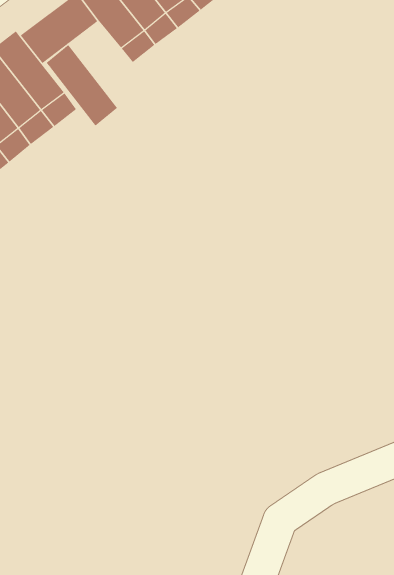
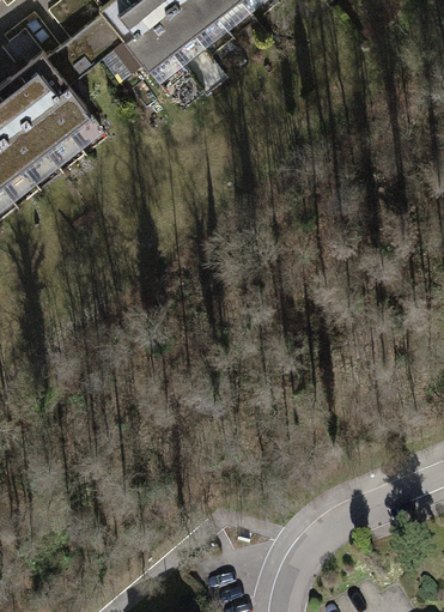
building: [46,44,118,126] -> none

